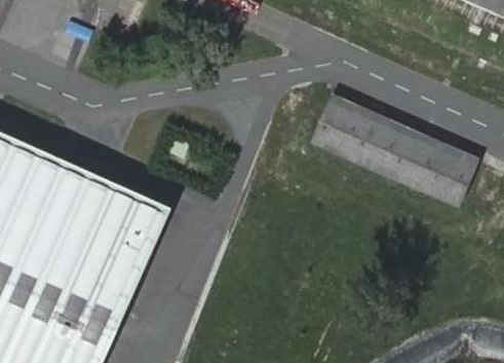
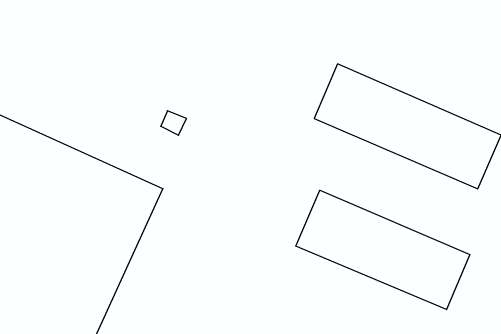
building: none -> [296,190,470,310]

